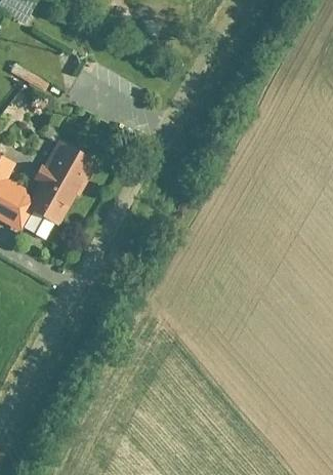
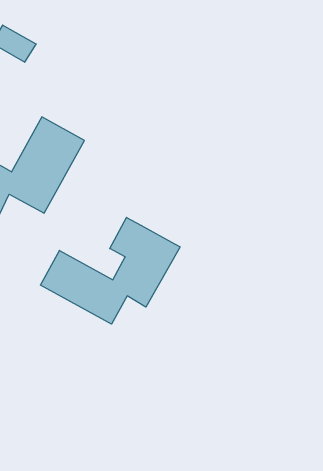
building: none -> [40,217,180,324]

